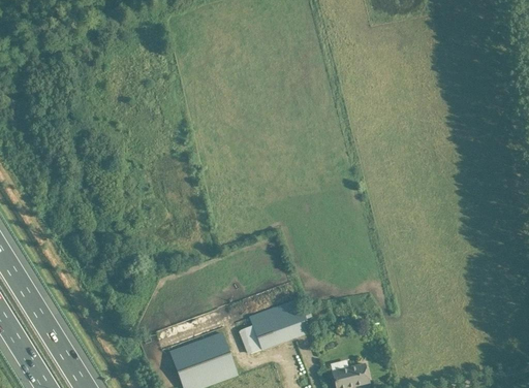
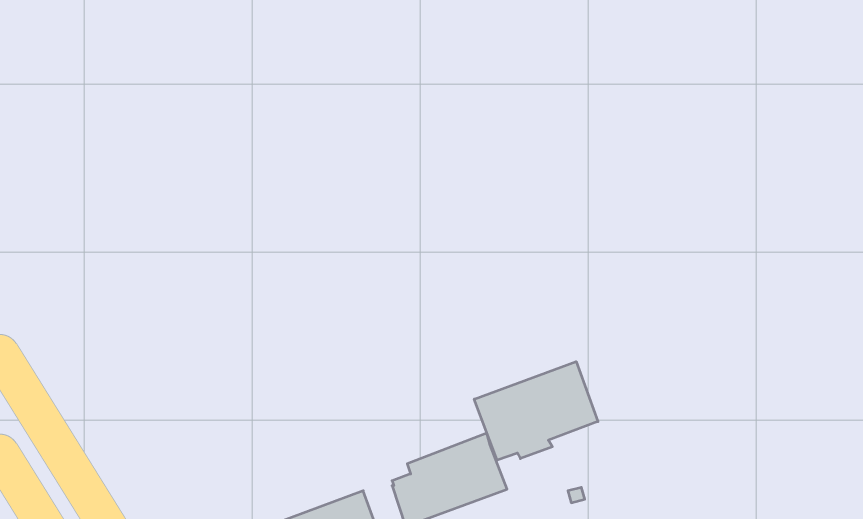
building: none -> [474,362,598,460]

